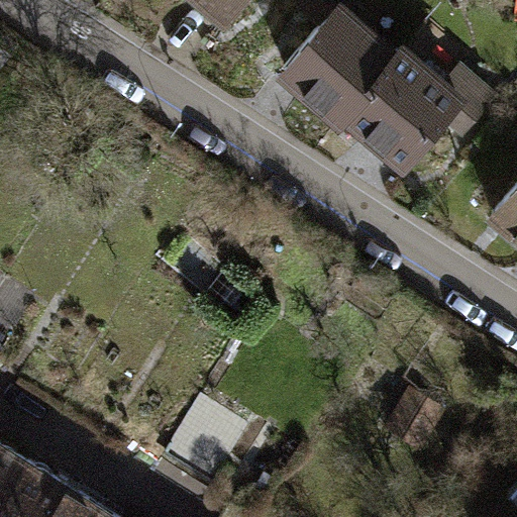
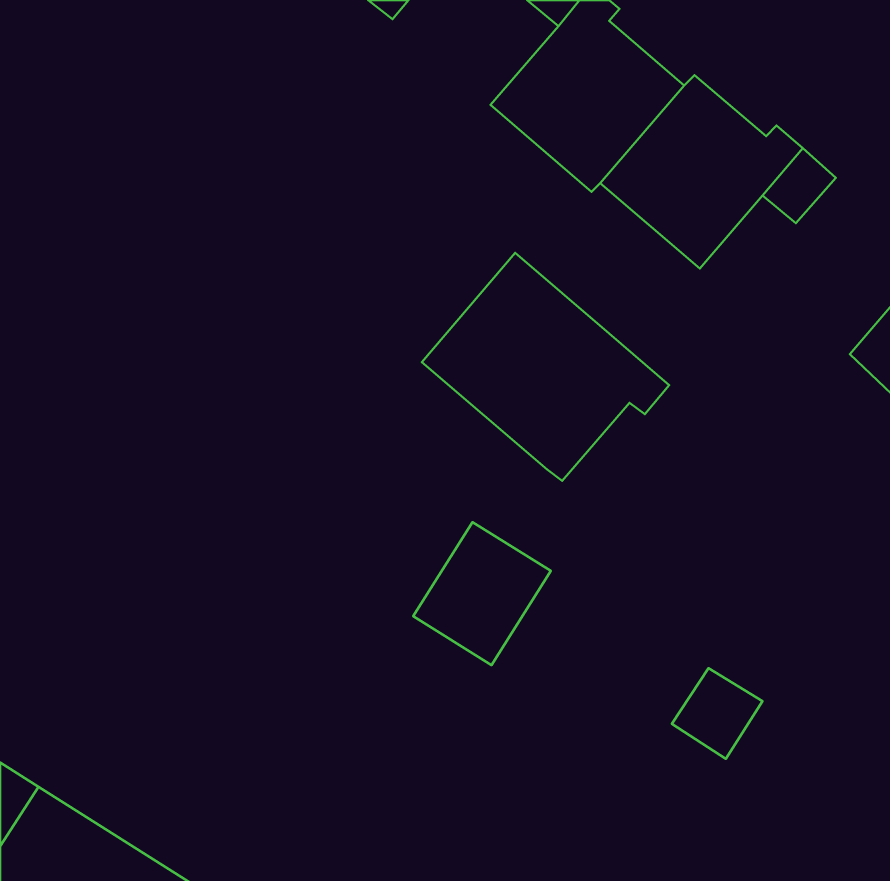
building: none -> [422,253,669,481]
building: [168,399,247,482] -> [413,522,551,665]

